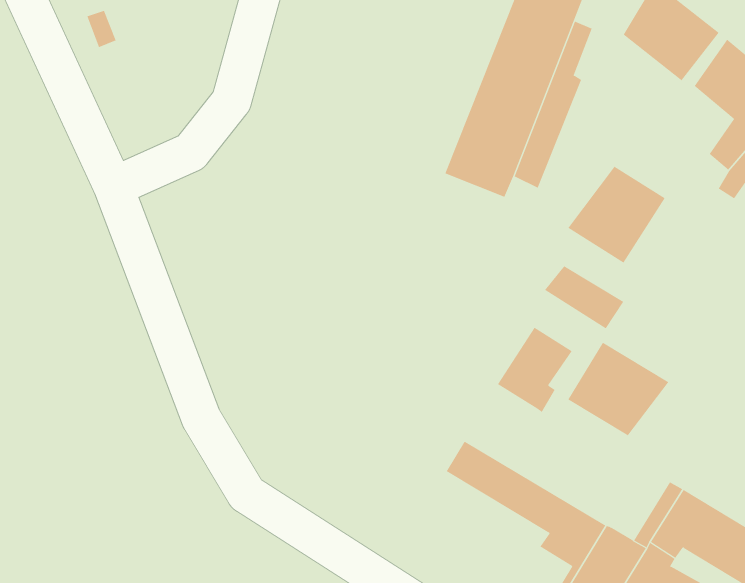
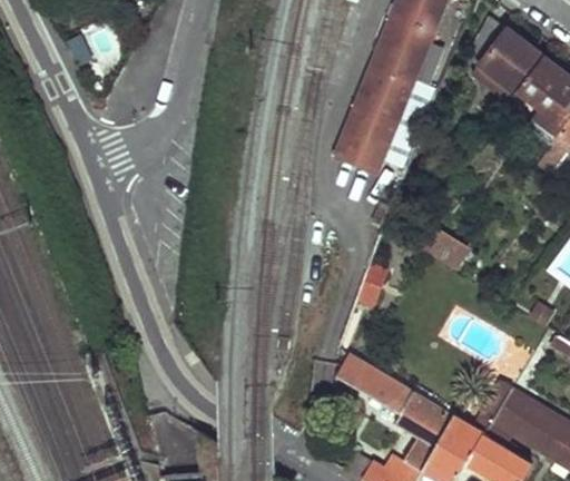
building: [568,166,666,264] -> none
building: [497,327,572,413] -> none
building: [568,342,669,436] -> none

